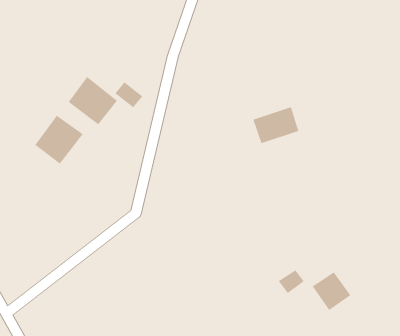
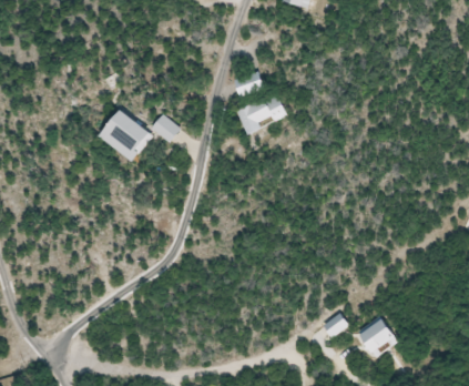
building: [252,107,299,144] -> [238,93,287,132]
building: [34,115,83,164] -> none

